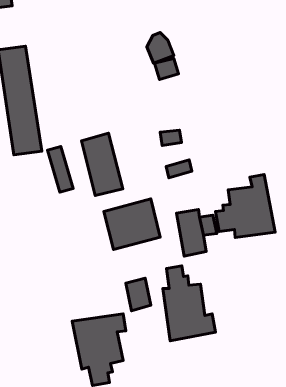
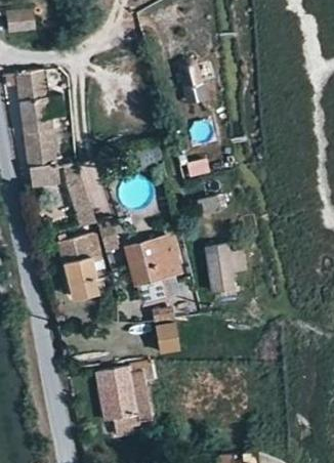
building: [82,133,123,195] -> [56,237,100,303]
building: [216,175,275,237] -> none
building: [163,266,215,341] -> none

